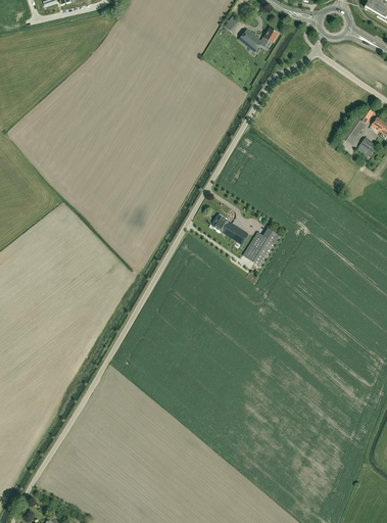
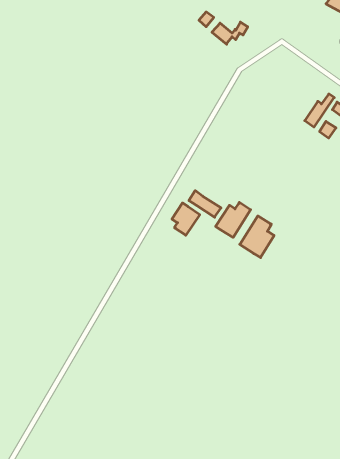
building: none -> [172,203,200,235]
building: none -> [240,216,274,258]

